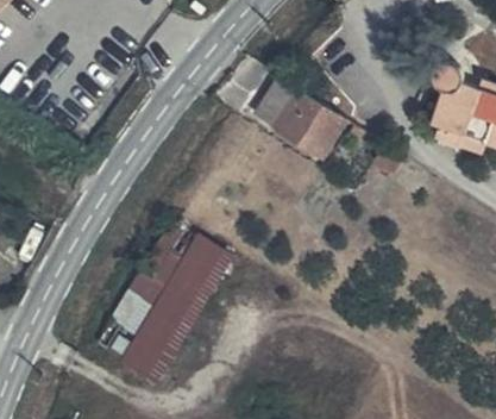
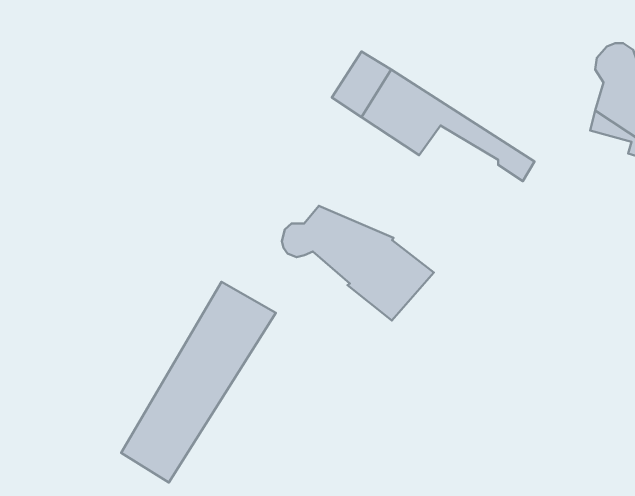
building: none -> [282,206,434,321]

